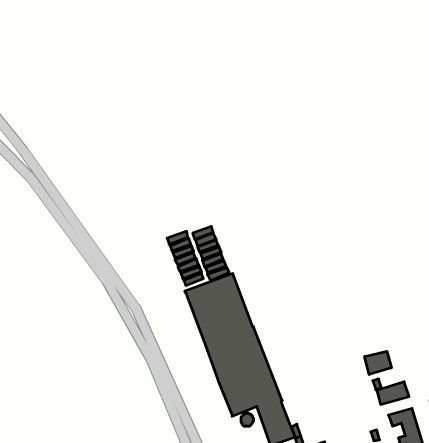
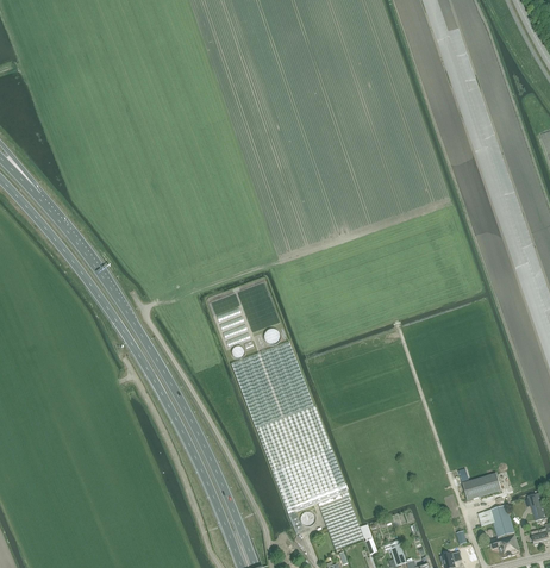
building: [365,351,391,375] -> none

